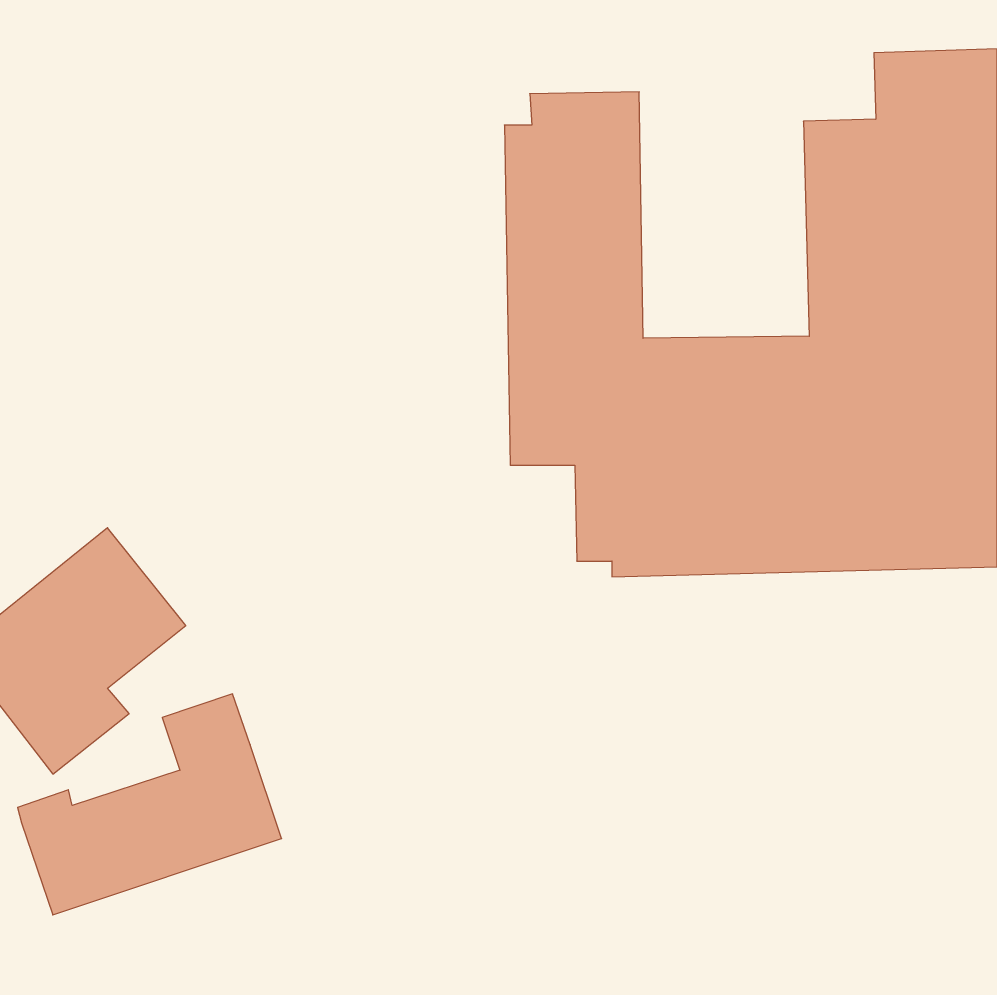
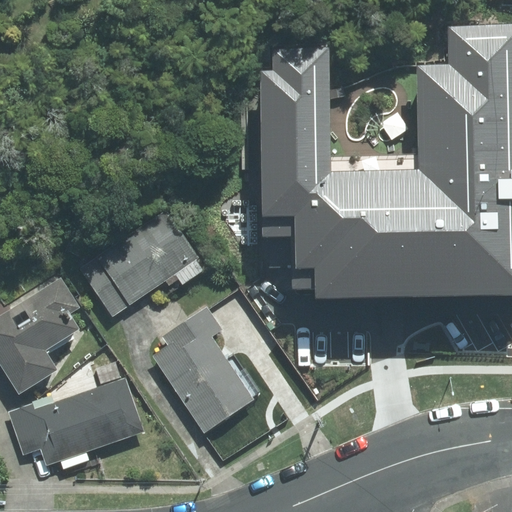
building: none -> [79,207,210,320]
building: none -> [154,308,256,434]

